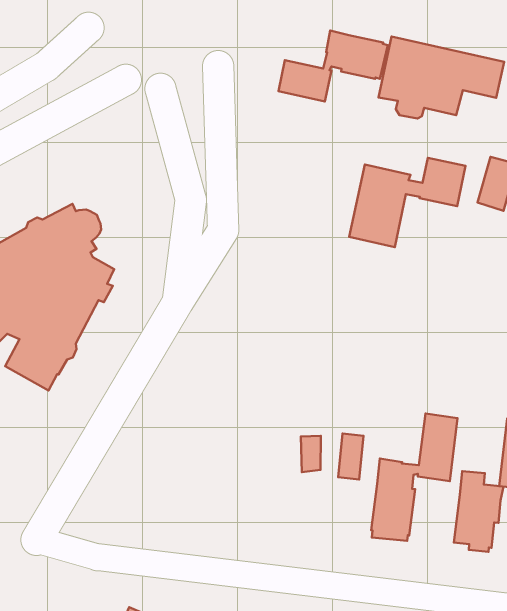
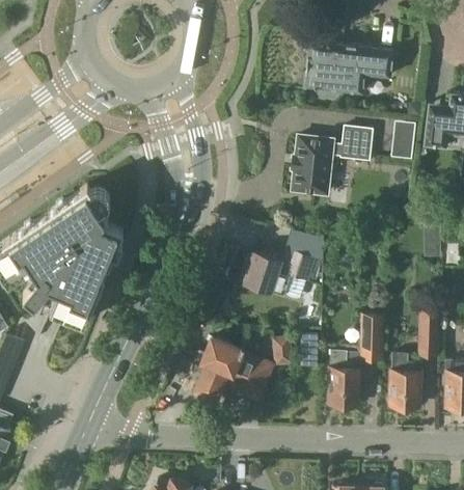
building: [278,31,388,102] -> none
building: none -> [240,234,324,291]
building: none -> [191,337,270,399]

